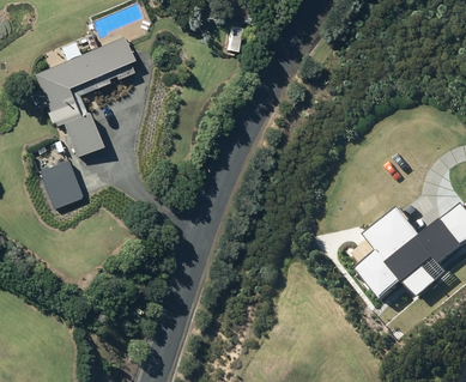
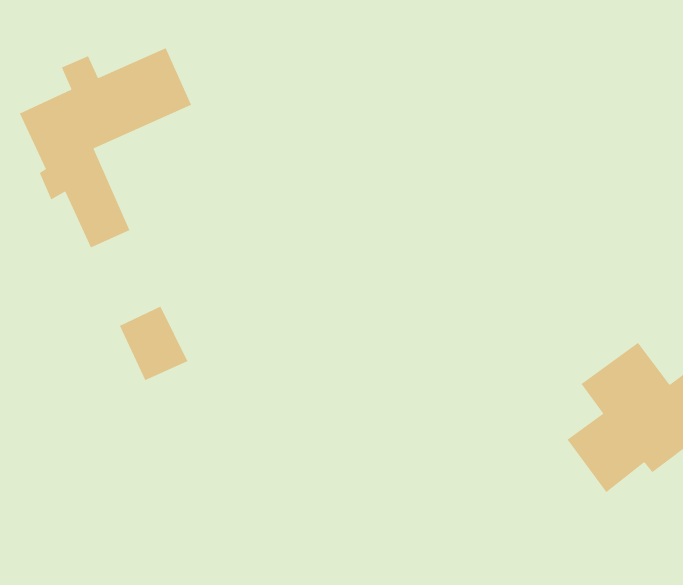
building: [41,160,83,206] -> [119,306,189,381]

